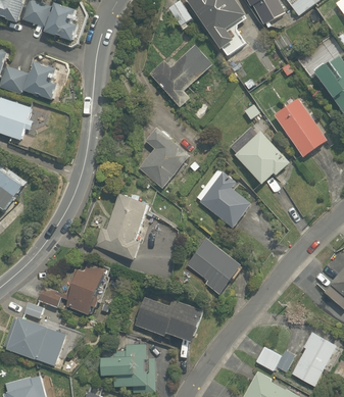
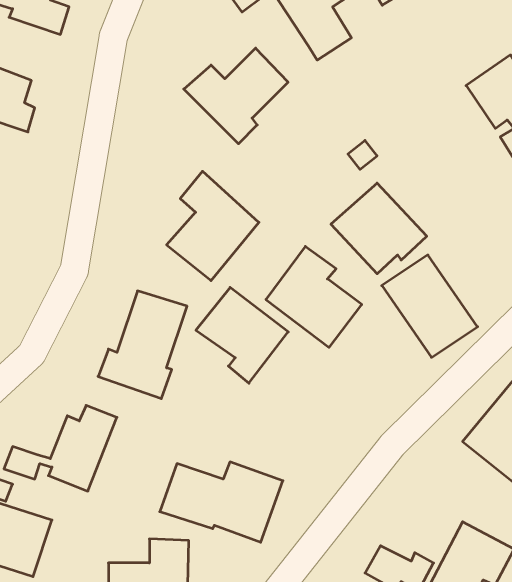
building: [273,95,330,156] -> [382,255,478,357]
building: [186,237,241,294] -> [196,287,288,383]

